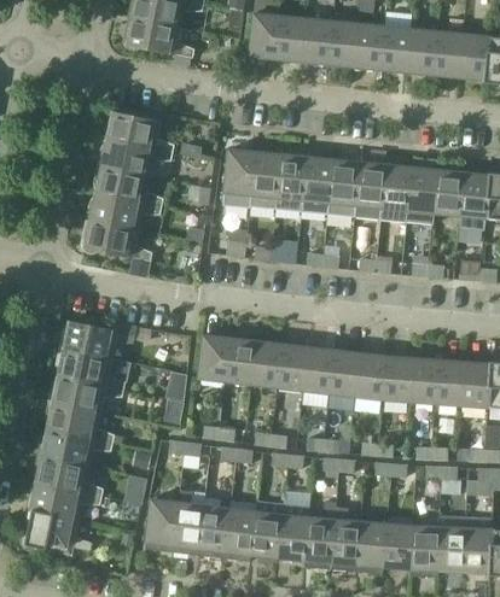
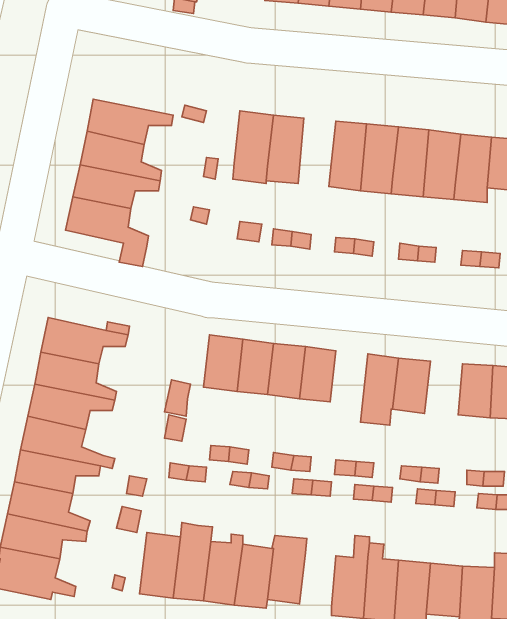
building: [106,111,174,152] -> none
building: [277,154,308,211] -> none
building: [302,347,335,406] -> none
building: [382,356,413,400] -> none
building: [278,503,309,560] -> none

